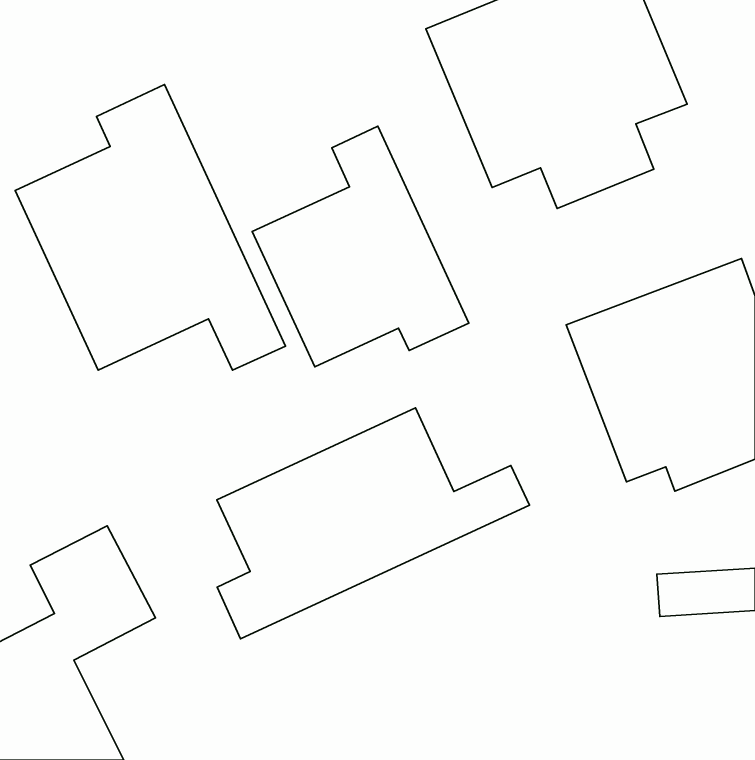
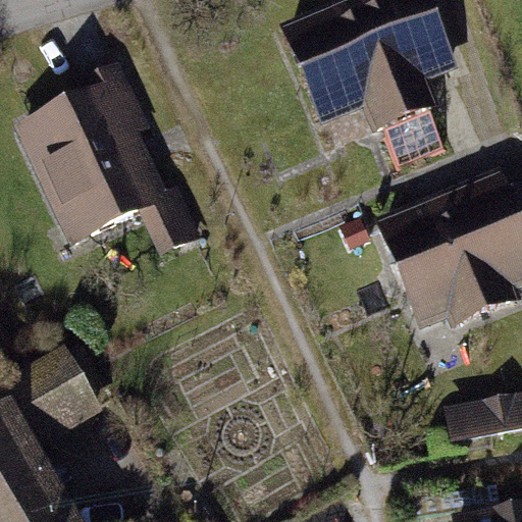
building: [252,126,469,367] -> none
building: [217,408,529,639] -> none

